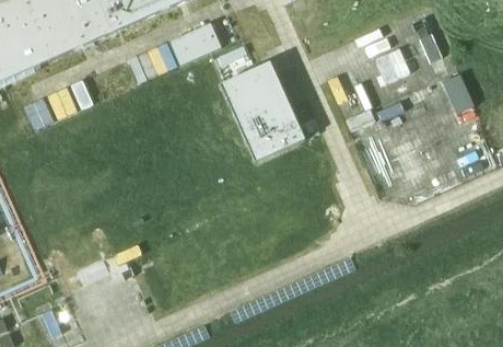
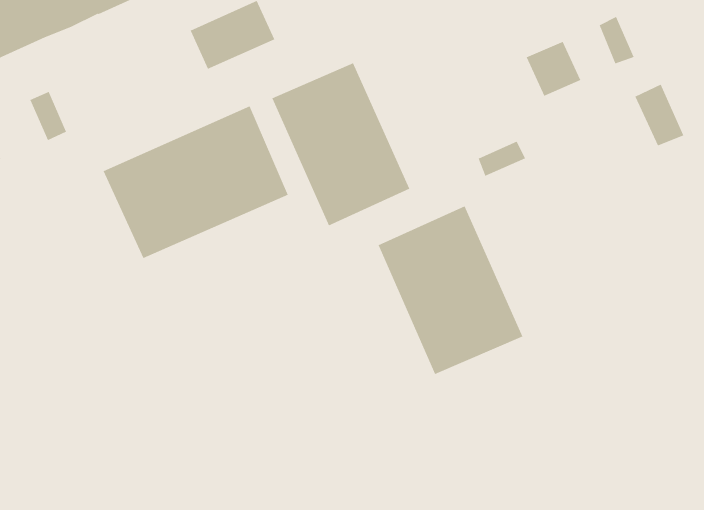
building: none -> [103,106,288,259]
building: none -> [378,206,523,375]

